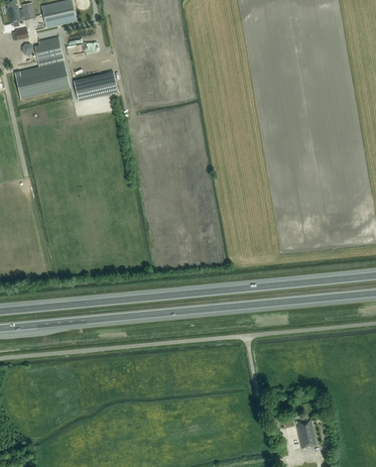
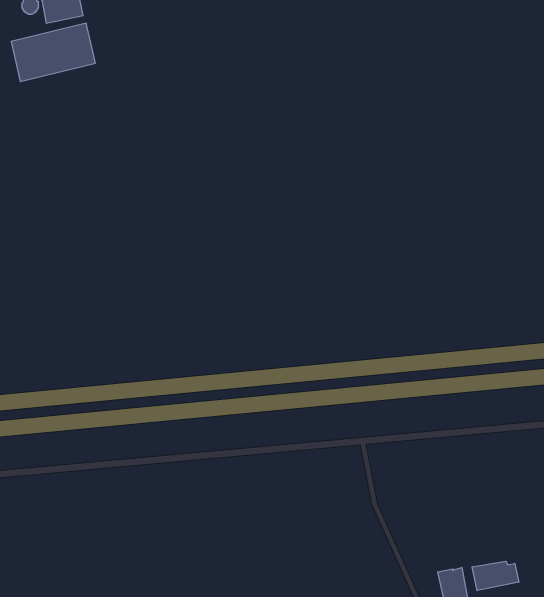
building: [74,72,117,100] -> none
building: none -> [472,561,519,591]

